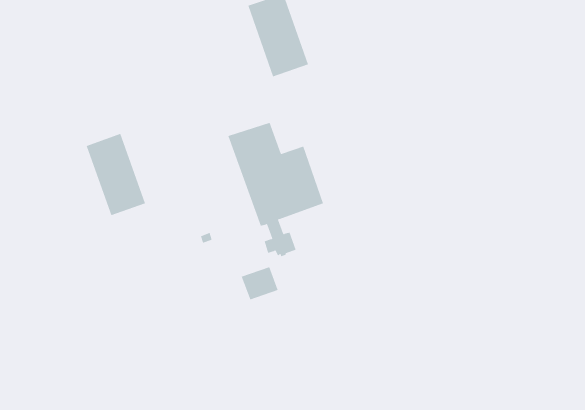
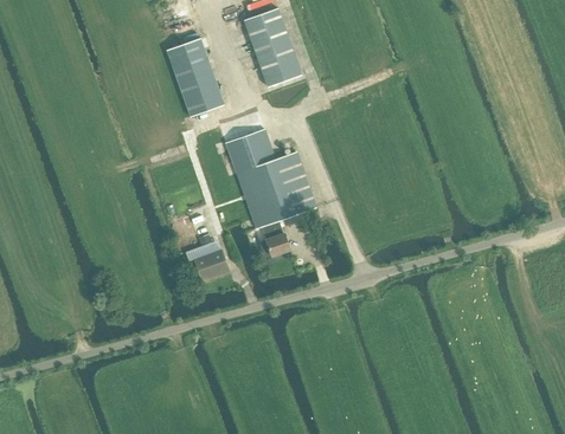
building: [86,133,146,216] -> [166,37,223,115]
building: [241,266,278,300] -> [193,247,229,279]

